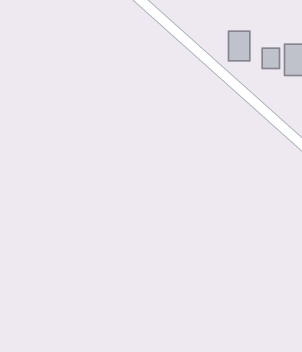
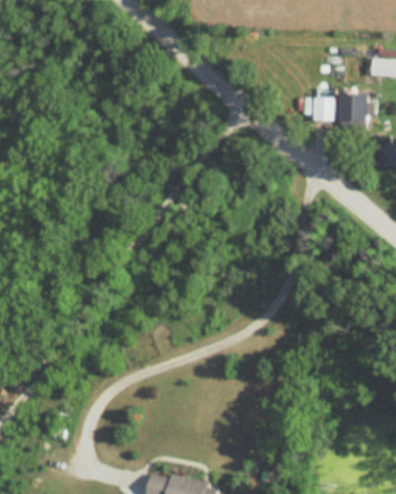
building: [228,31,250,61] -> none

